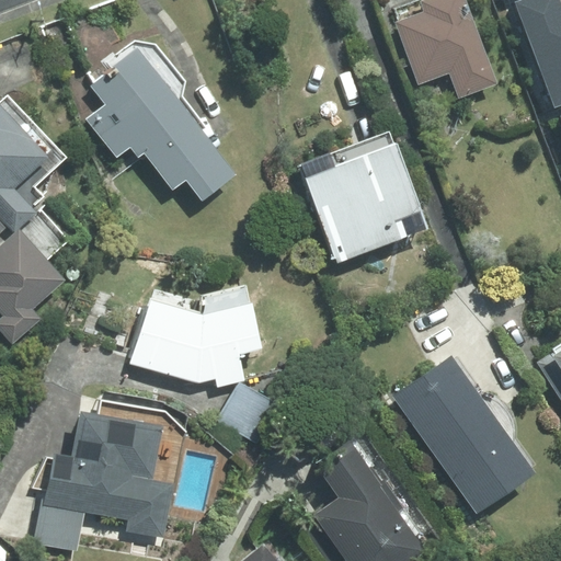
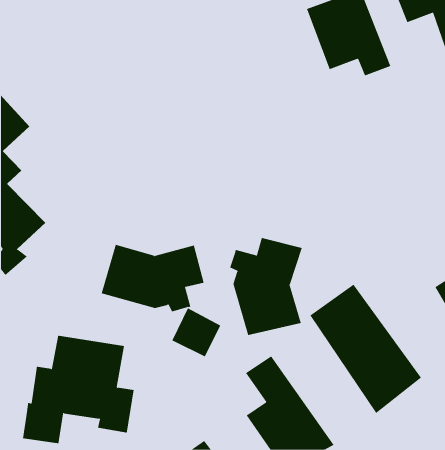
building: [89,49,234,208] -> none
building: [294,128,419,264] -> none
building: none -> [229,237,302,336]

